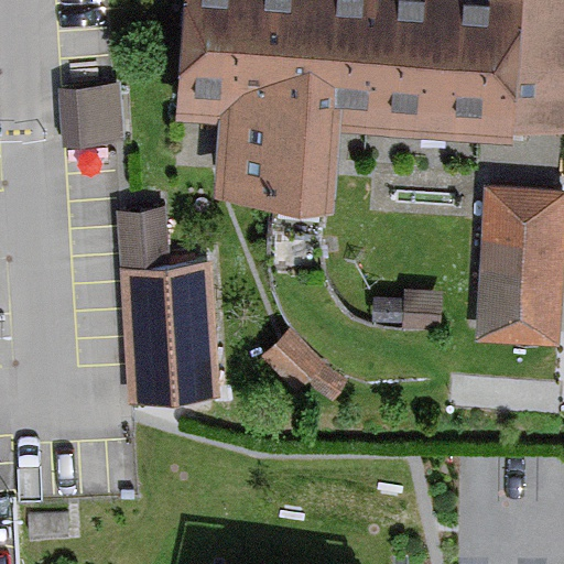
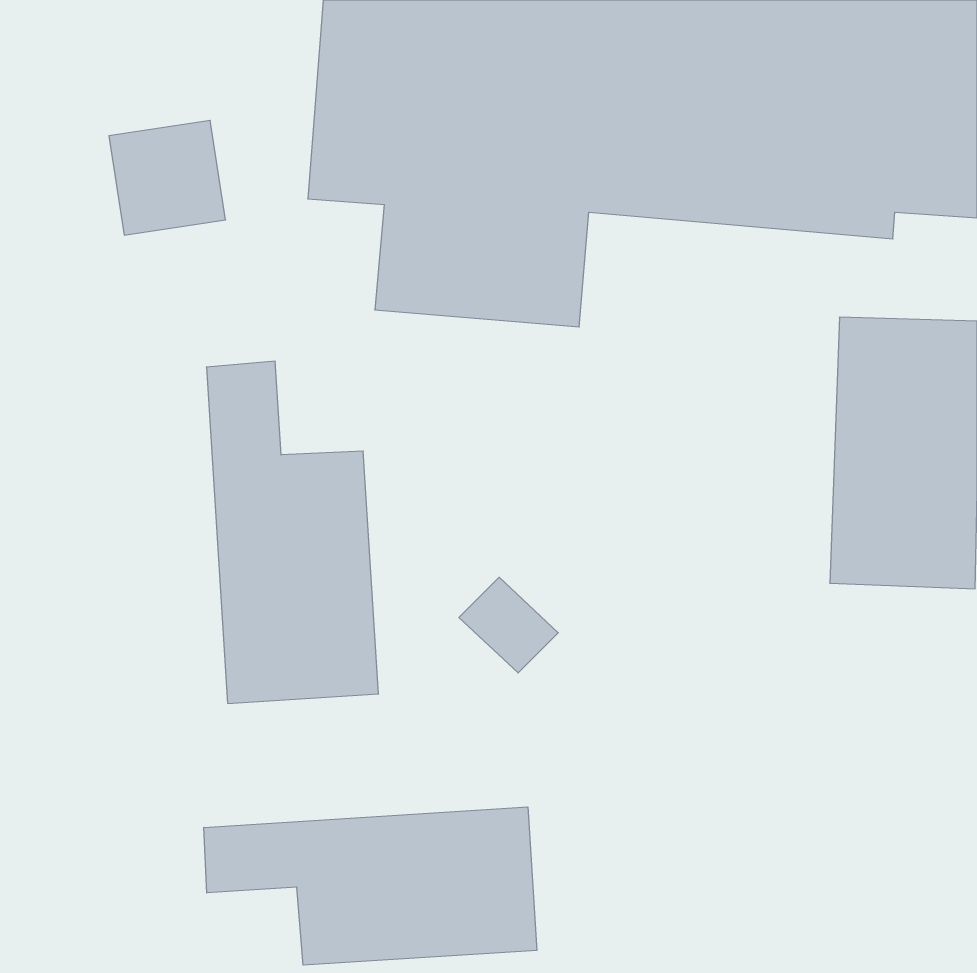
building: none -> [204,807,537,965]

